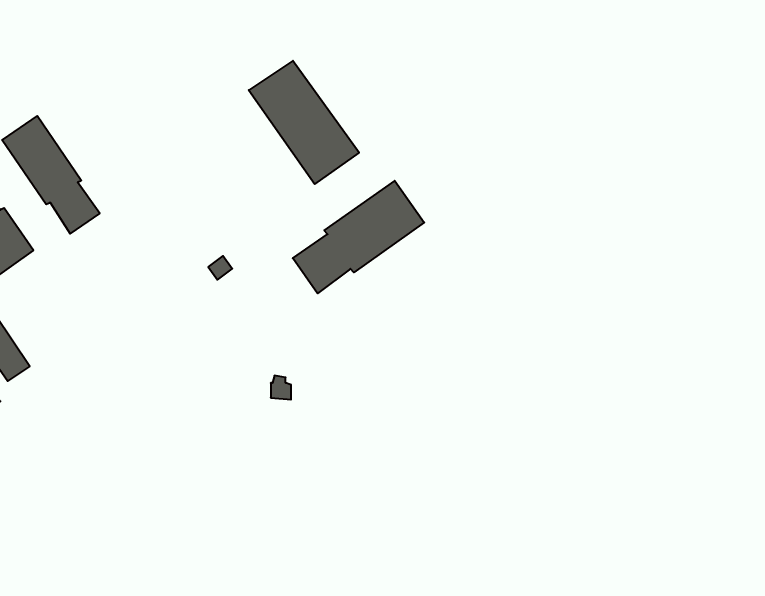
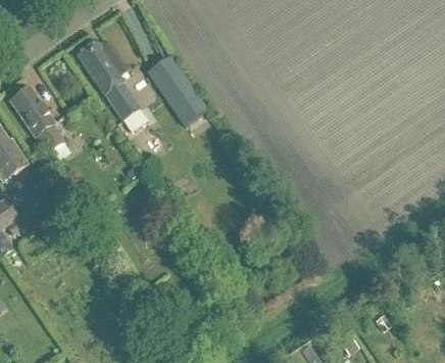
building: none -> [76,40,139,119]
building: [293,181,424,293] -> none

